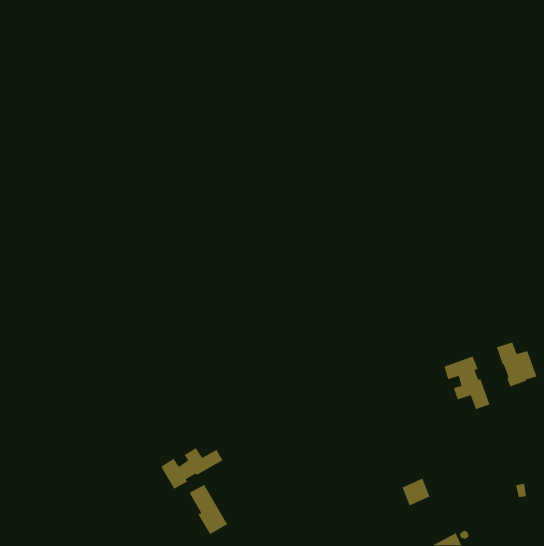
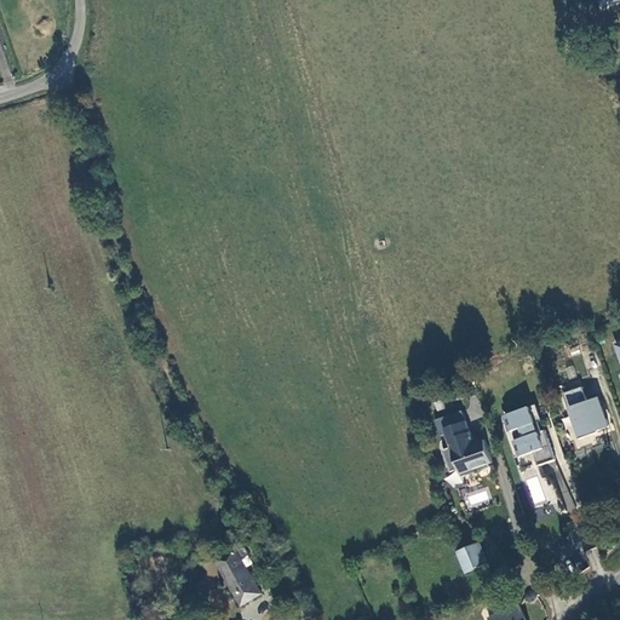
building: none -> [440,420,490,477]
building: [160,447,224,490] -> none

